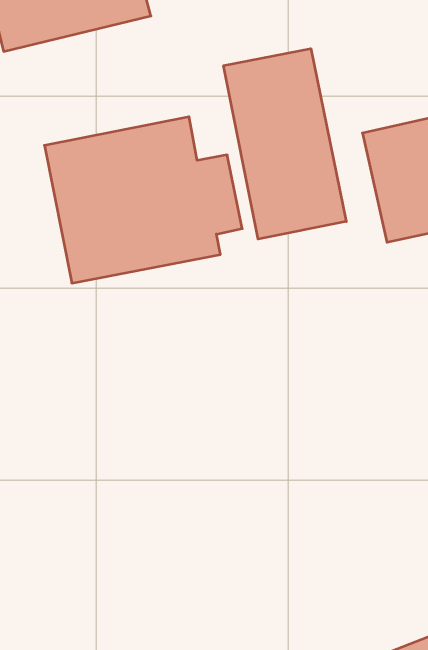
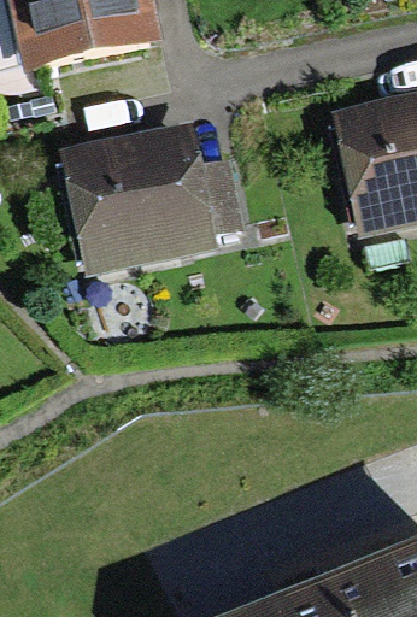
building: [224,49,346,239] -> none

